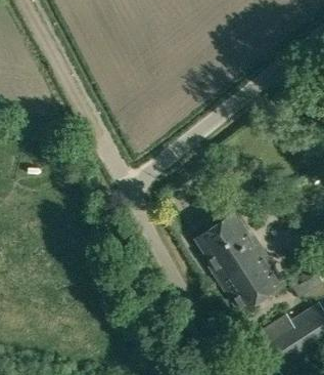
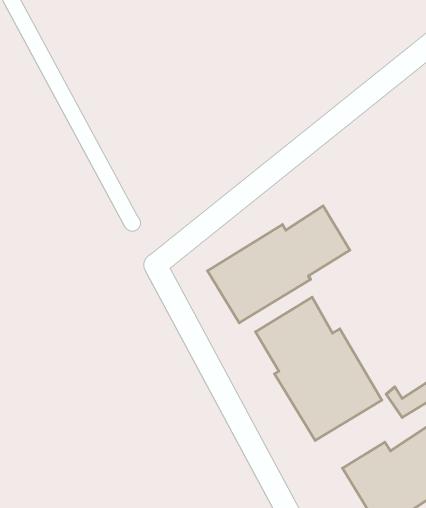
building: none -> [208,206,350,323]

